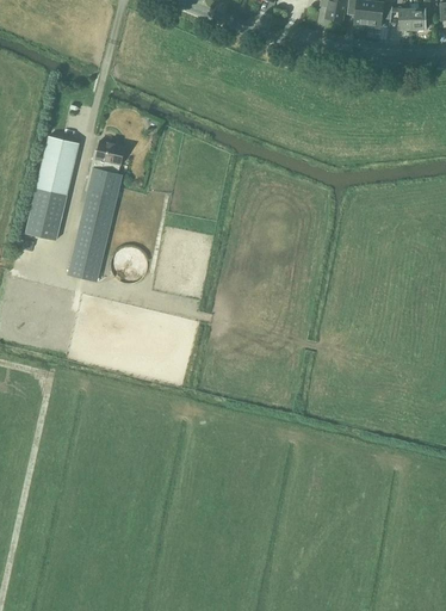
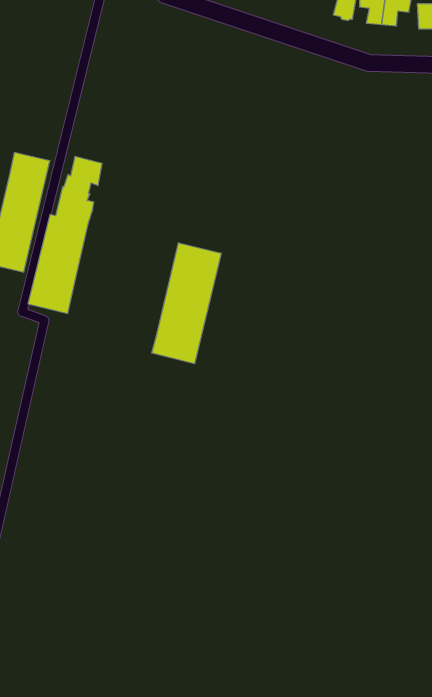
building: none -> [152,243,221,364]

